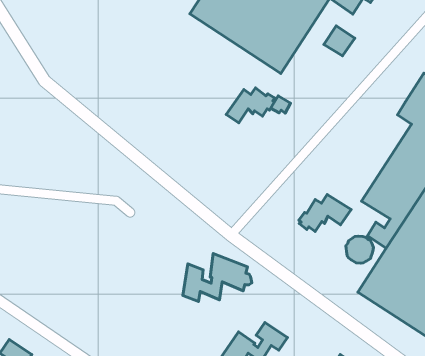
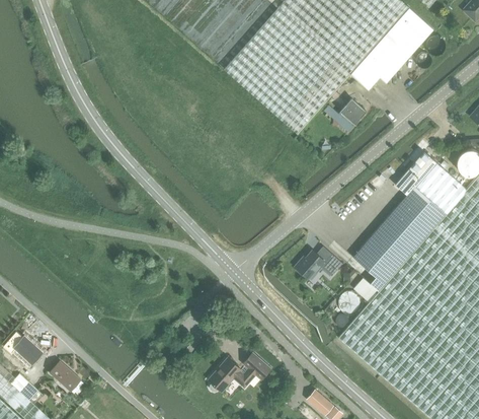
building: [226,88,275,123] -> none
building: [183,254,252,302] -> none

